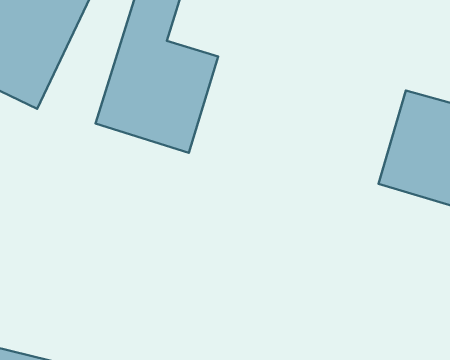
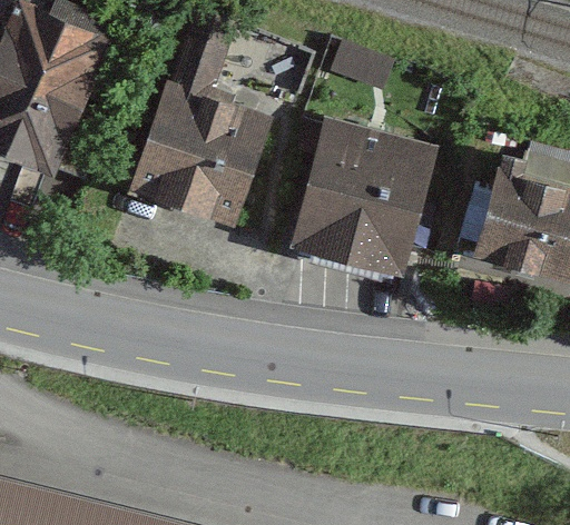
building: none -> [288,111,440,276]

